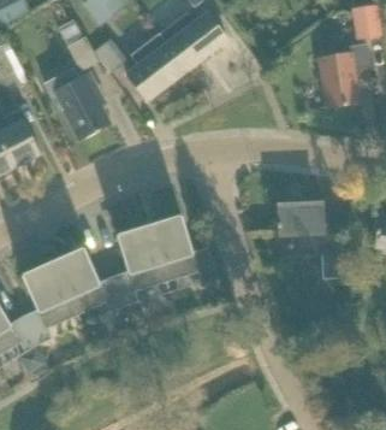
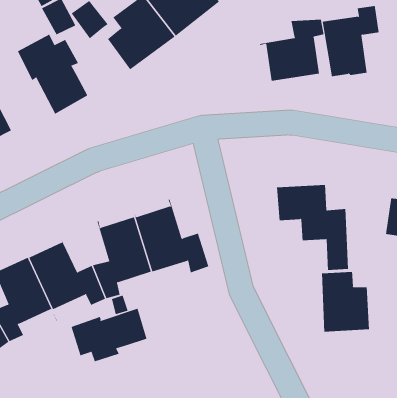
building: none -> [259,19,330,82]
building: none -> [322,271,370,333]
building: none -> [71,308,147,362]

